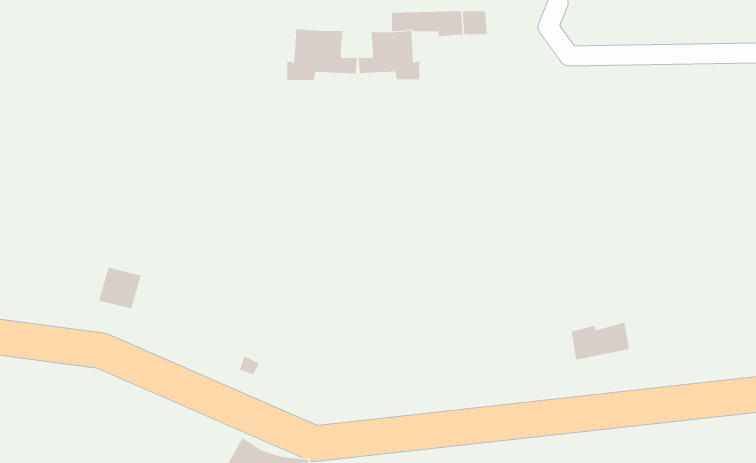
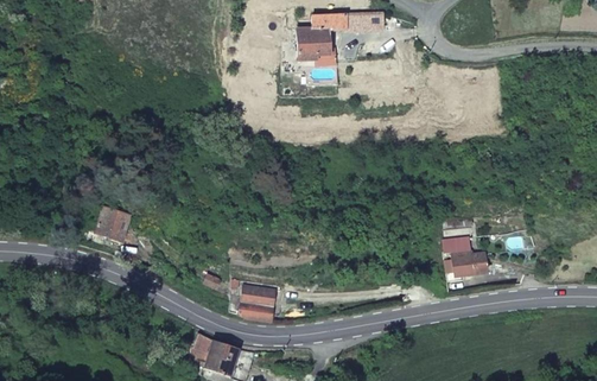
building: [287,29,358,81] -> none
building: none -> [237,287,271,319]

